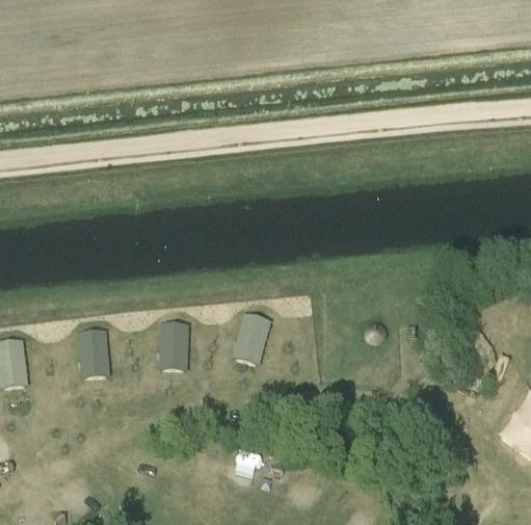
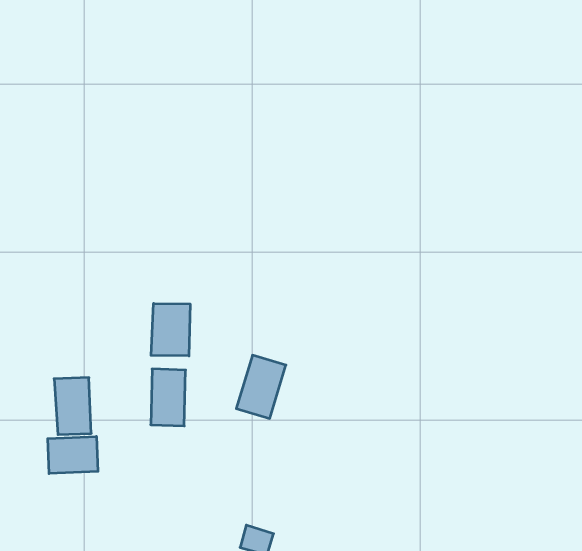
building: none -> [151,303,190,356]
building: none -> [48,436,98,474]

